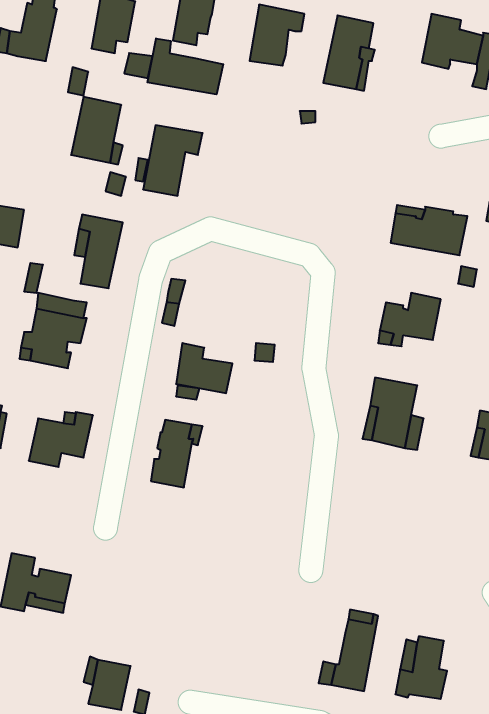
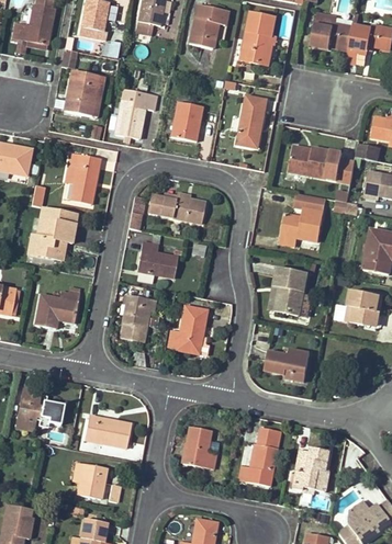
building: [147,38,223,94] -> none
building: none -> [236,95,267,147]
building: none -> [170,101,202,141]
building: none -> [147,195,204,223]
building: none -> [176,305,206,352]
building: none -> [265,348,310,381]
building: none -> [82,415,130,446]
building: none -> [181,426,215,468]

